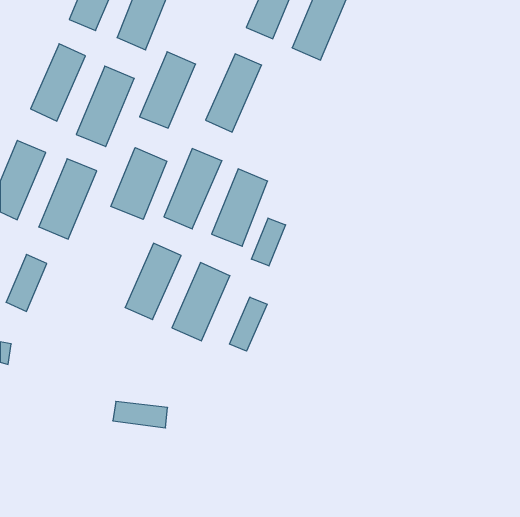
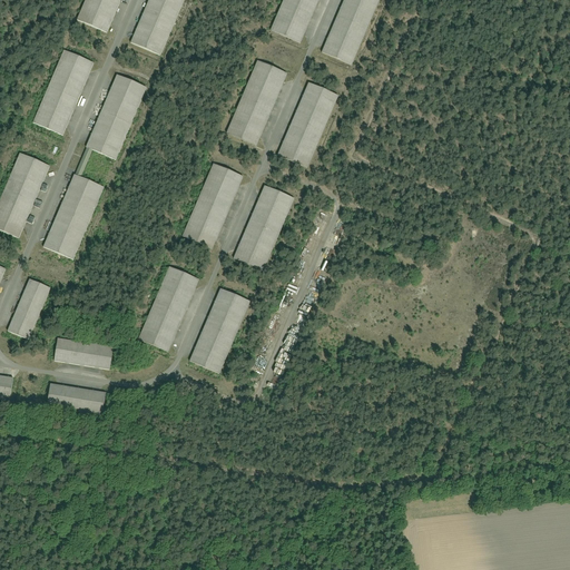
building: [140,52,196,128] -> [277,82,338,166]
building: [111,148,167,219] -> none
building: [251,218,286,266] -> none
building: [229,297,267,351] -> none
building: none -> [51,337,110,366]
building: [113,401,168,428] -> [46,384,106,413]

